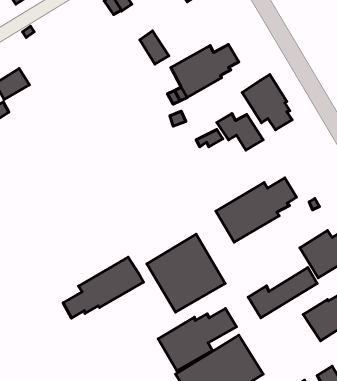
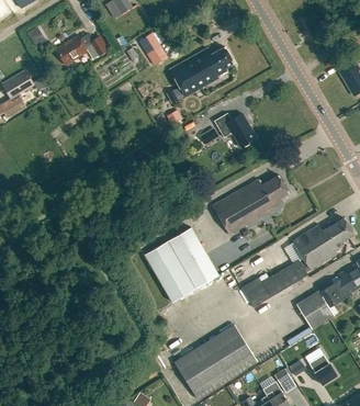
building: none -> [55,33,106,65]
building: [242,74,292,130] -> none
building: [63,257,144,318] -> none
building: [158,308,237,371] -> none

